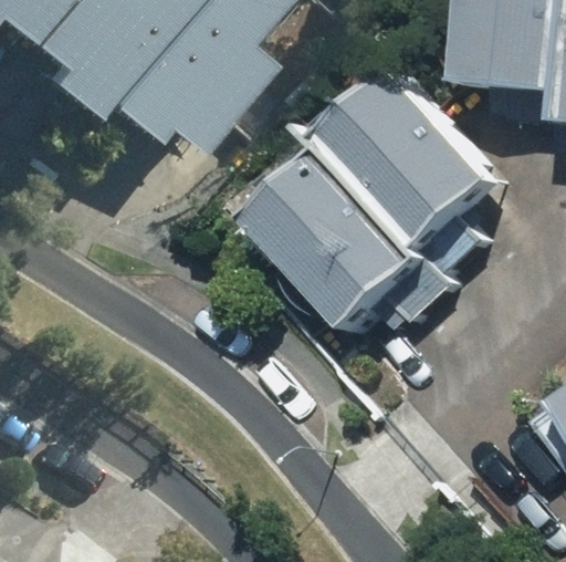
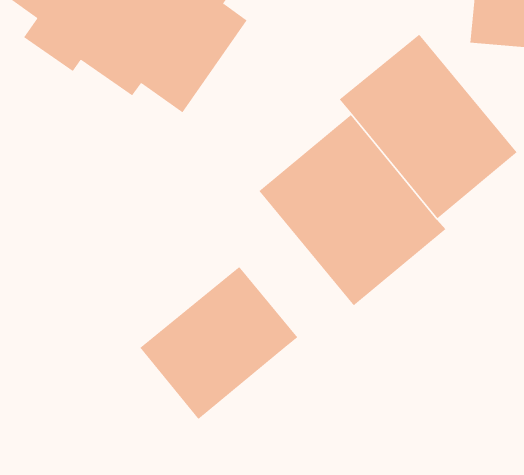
building: none -> [140,266,298,420]

